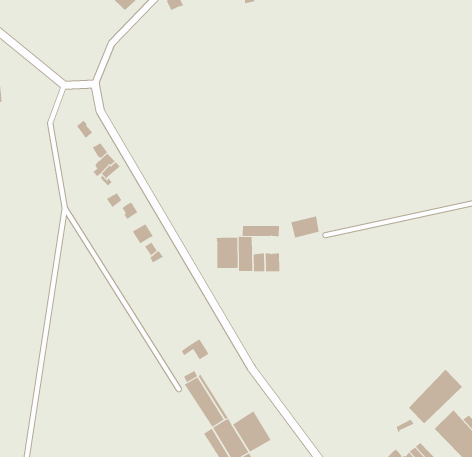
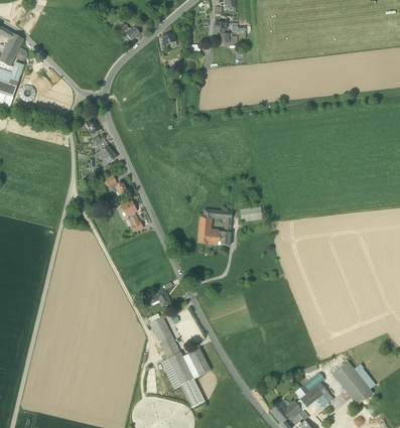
building: [216,237,238,269] -> none
building: [408,369,463,424] -> none

